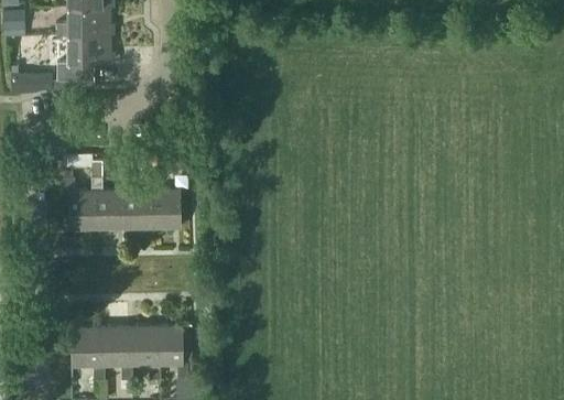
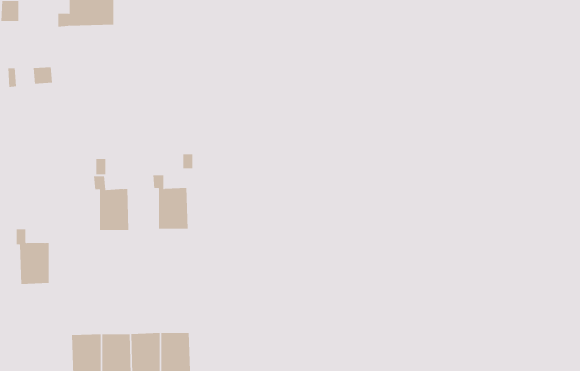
building: [58,34,112,80] -> none
building: [120,176,153,229] -> none
building: [65,177,97,230] -> [16,229,49,284]

